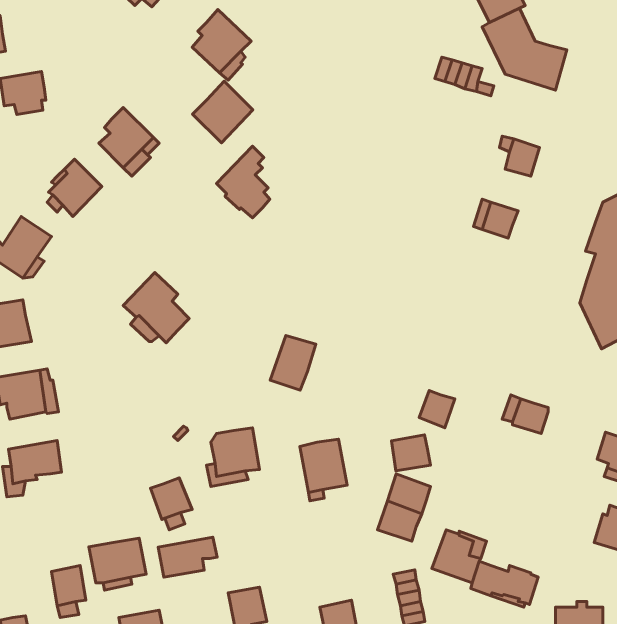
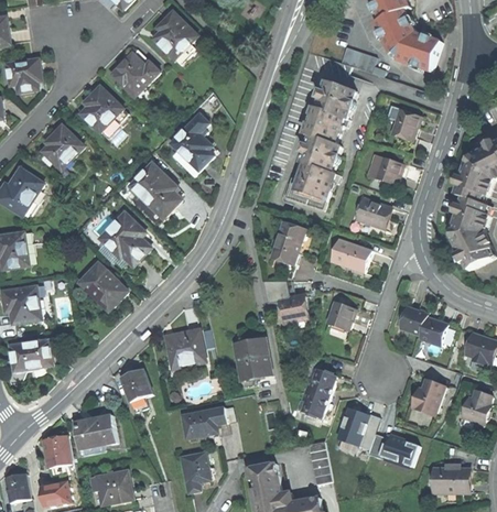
building: [193,81,253,143] -> [111,48,158,96]
building: none -> [283,80,355,209]
building: none -> [129,162,180,217]
building: none -> [355,196,390,227]
building: none -> [329,237,370,271]
building: [270,336,316,390] -> [270,220,305,262]
building: none -> [78,262,127,307]
building: none -> [418,317,446,345]
building: [392,435,430,471] -> [279,293,309,320]
building: none -> [412,378,444,413]
building: [158,537,217,577] -> [181,406,226,437]

